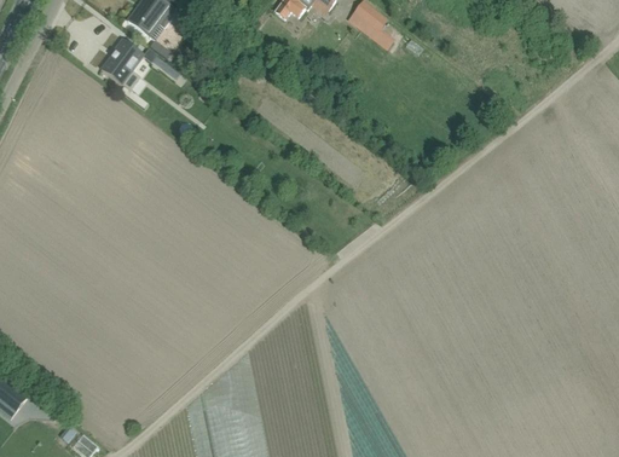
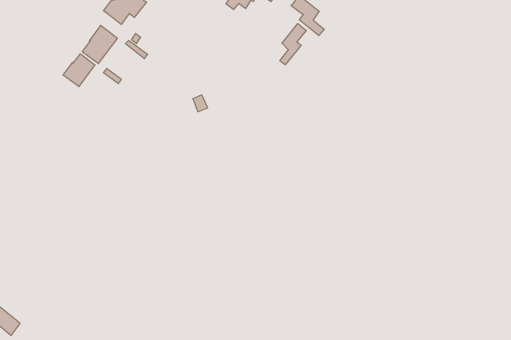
building: none -> [280,24,306,65]
building: none -> [63,54,95,87]

